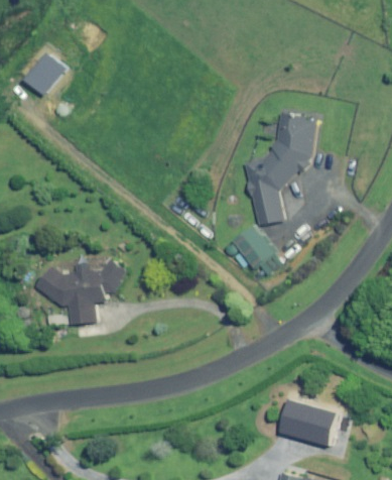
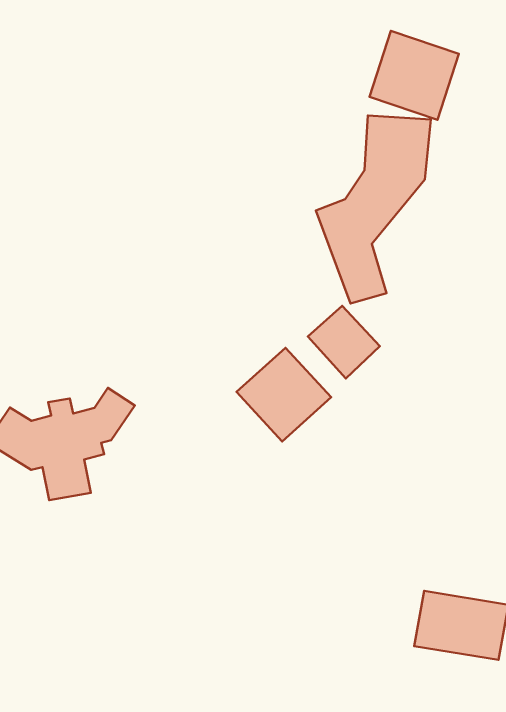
building: none -> [369,31,459,120]
building: none -> [237,348,331,441]

